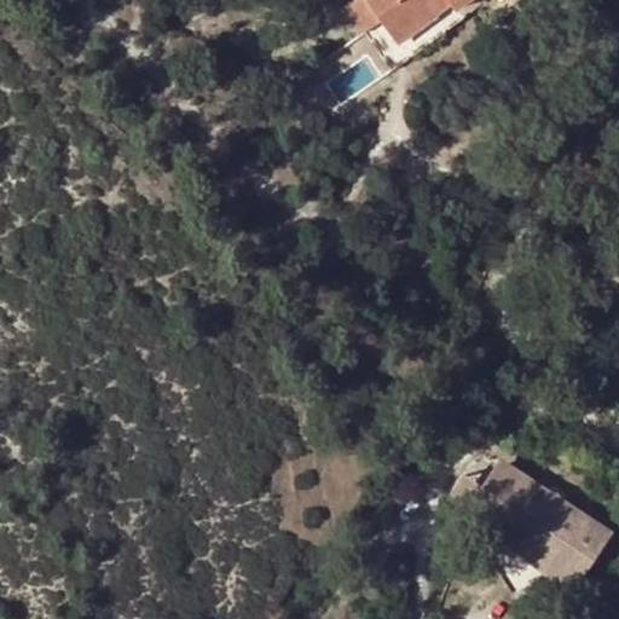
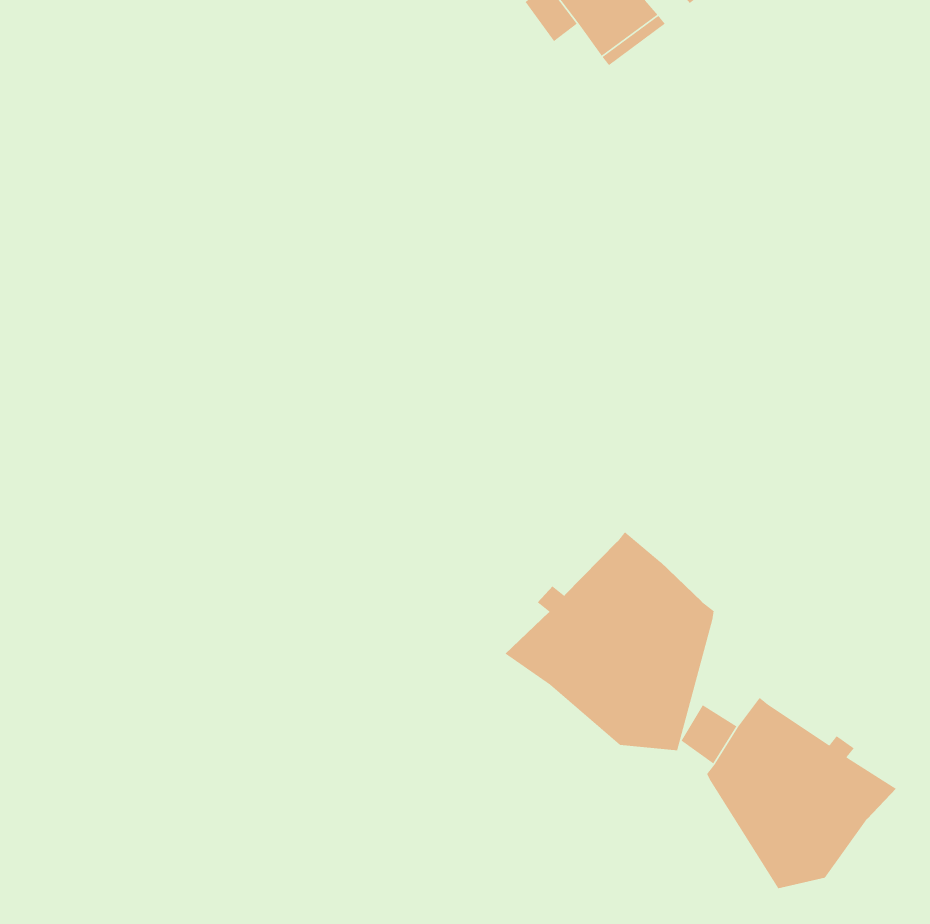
building: none -> [504,531,714,751]
building: [549,520,613,586] -> none

